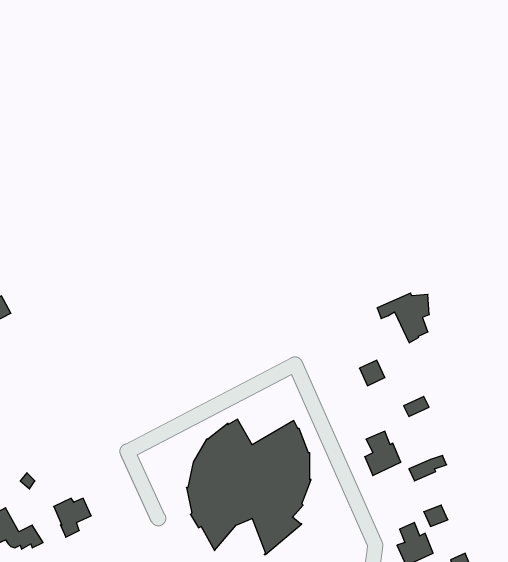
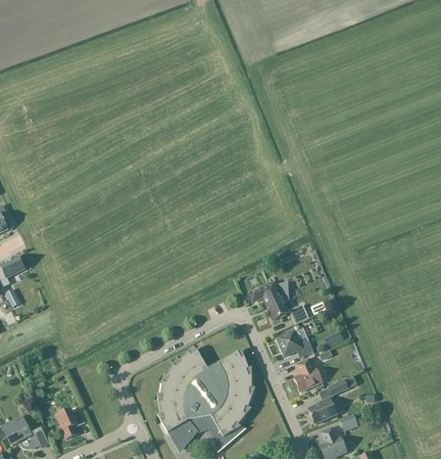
building: [377,293,429,343] -> [248,283,288,321]
building: none -> [276,327,312,359]
building: none -> [307,399,342,425]

